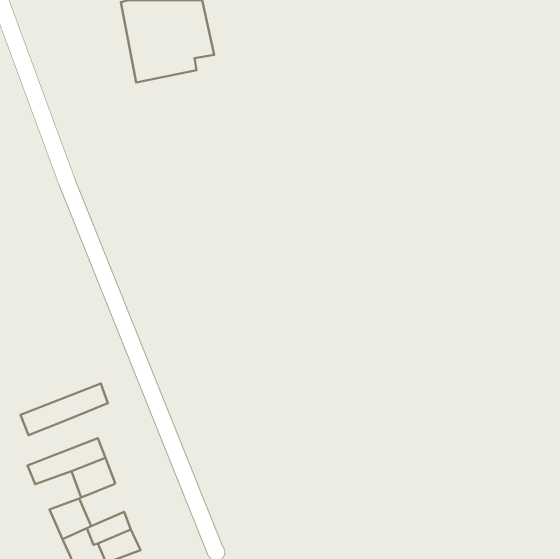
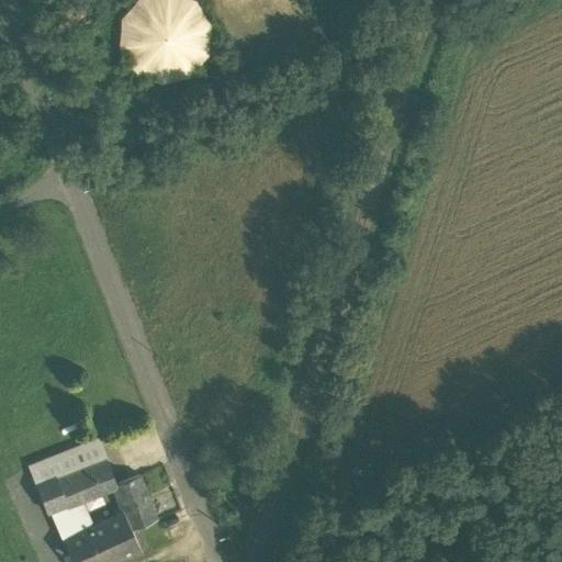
building: [21,384,108,435] -> none
building: none -> [36,473,82,513]
building: none -> [115,475,157,531]

